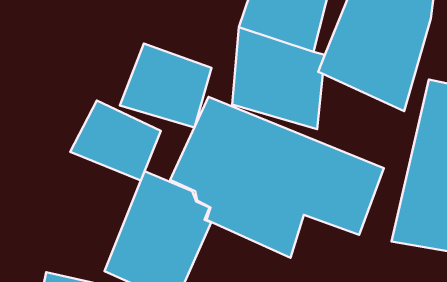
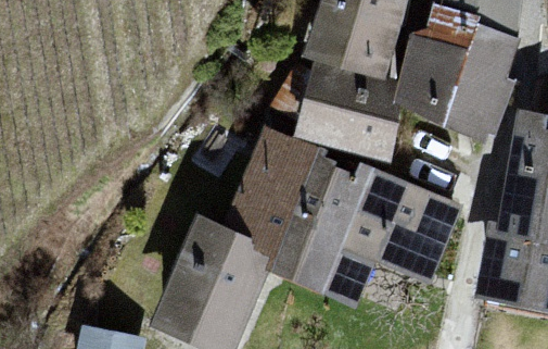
building: [120,43,211,127] -> none
building: [70,100,161,181] -> none

